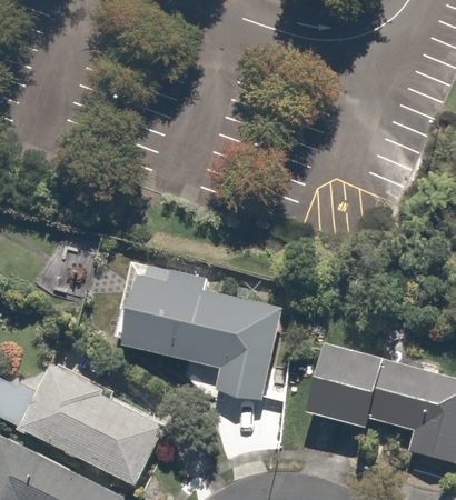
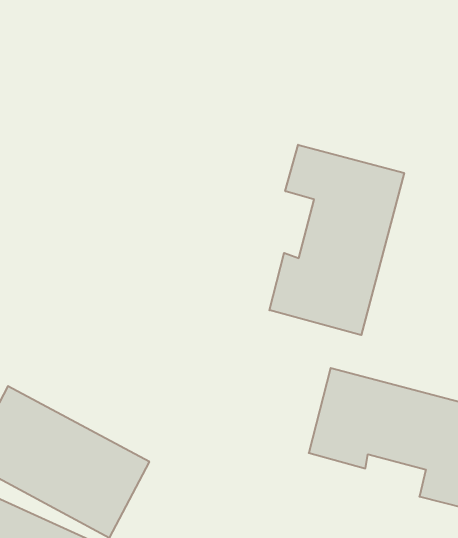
building: none -> [269,145,404,335]
building: [119,282,276,404] -> none

